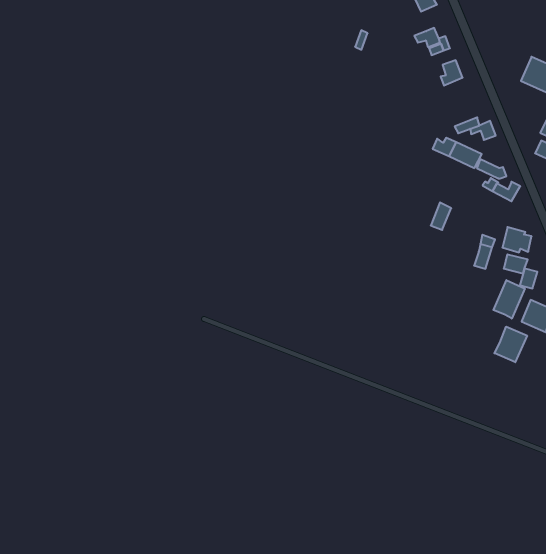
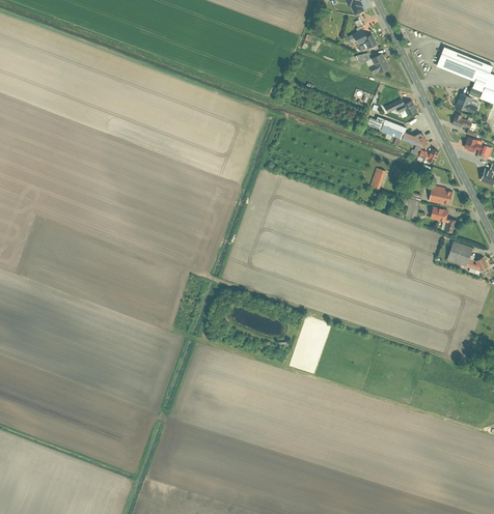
building: [493,280,525,319] -> none
building: [494,327,527,362] -> none

